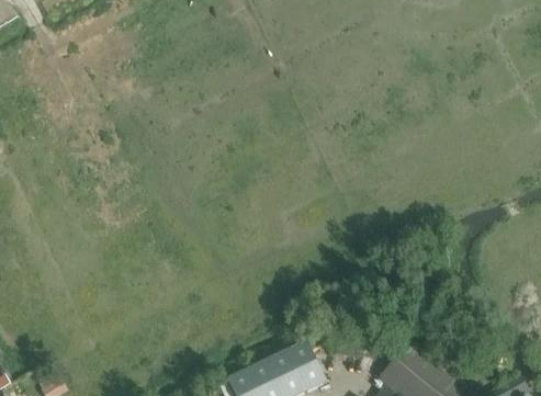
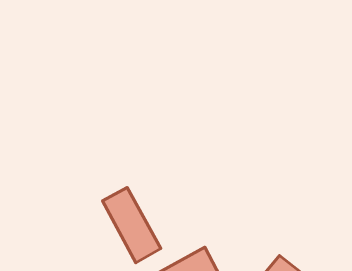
building: none -> [103,187,161,263]

